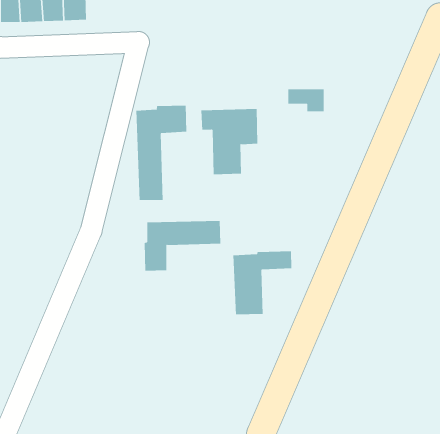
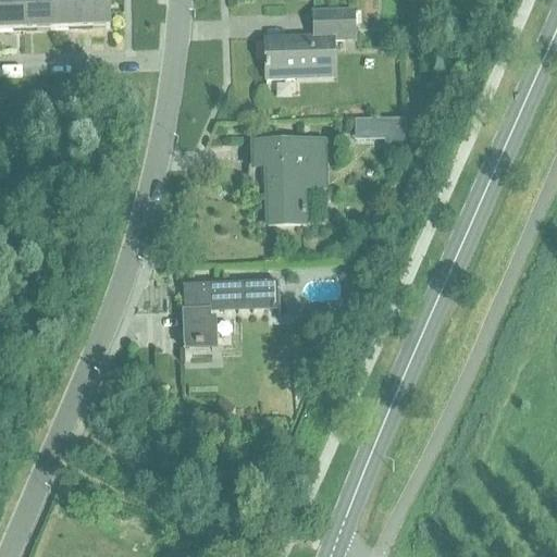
building: none -> [264,8,355,78]
building: [136,105,187,201] -> none
building: [233,250,292,315] -> none

